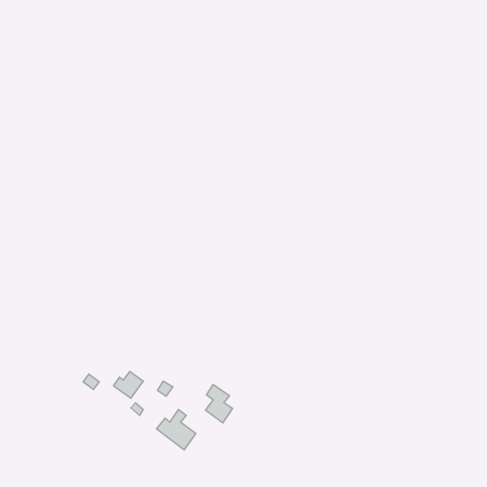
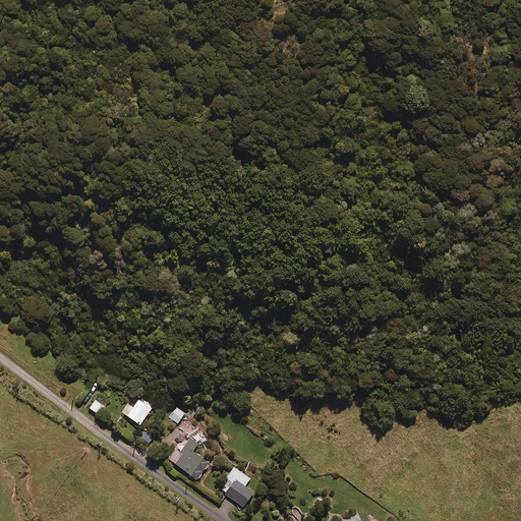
building: [206,384,232,423] -> [225,466,253,507]

